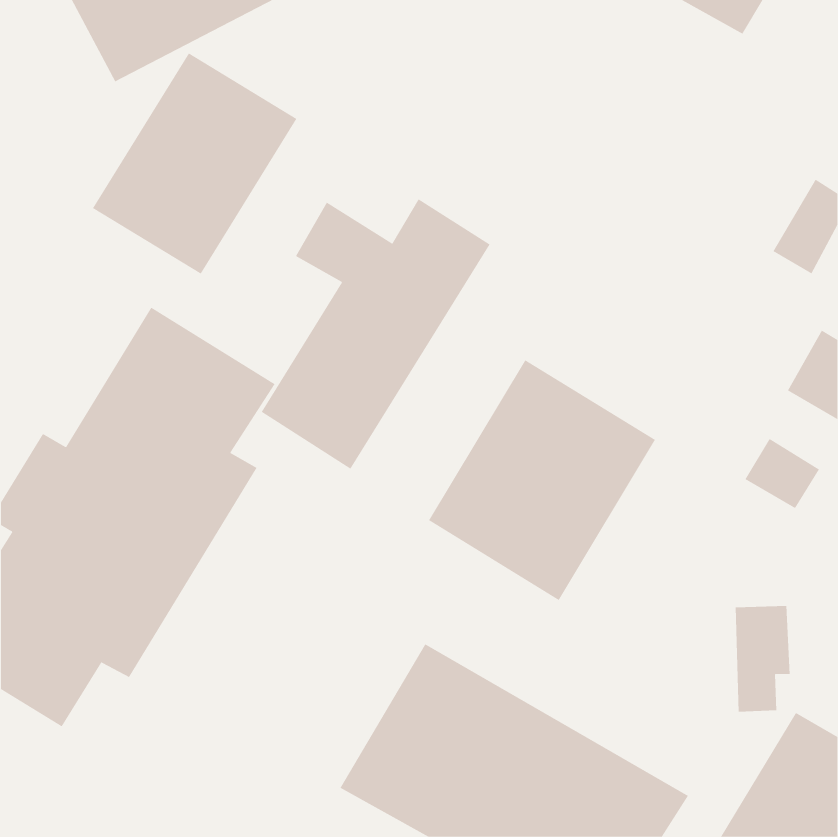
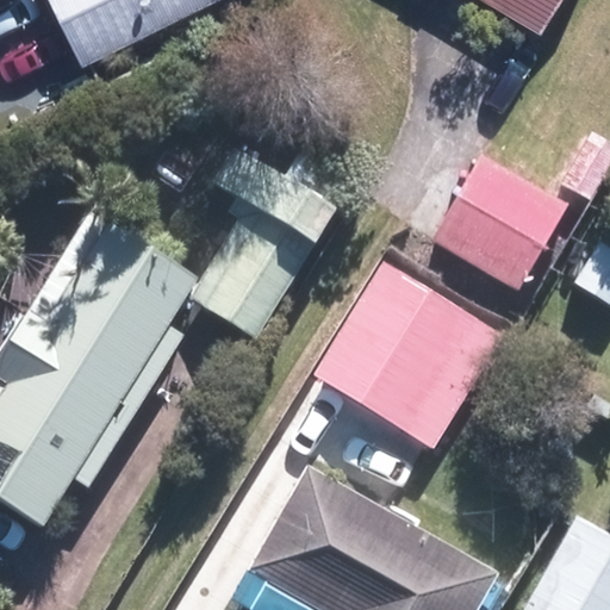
building: [92,53,297,274] -> none
building: none -> [432,157,569,293]

